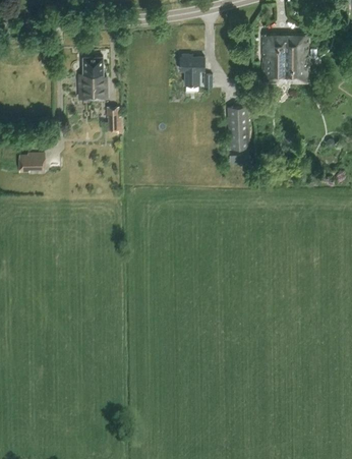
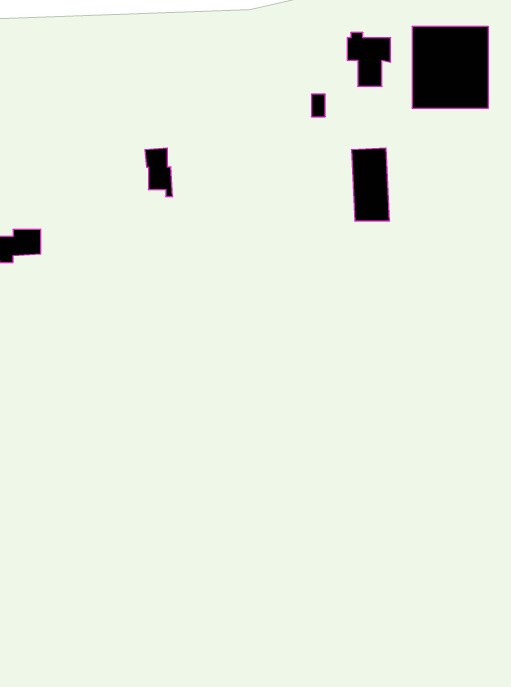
building: [179,53,204,84] -> [347,33,391,86]
building: [78,55,107,97] -> none

